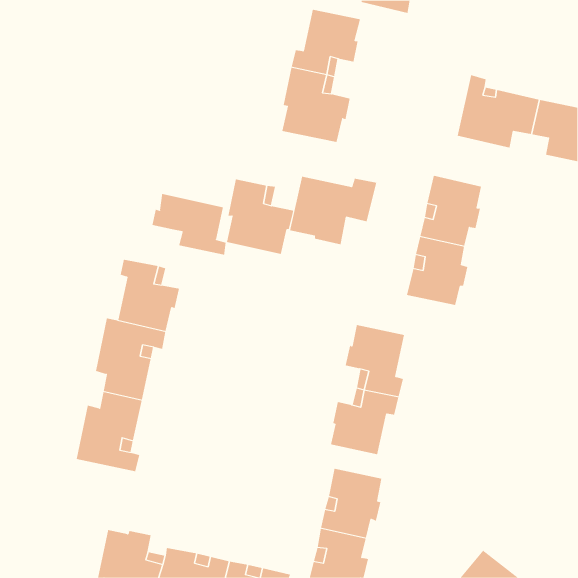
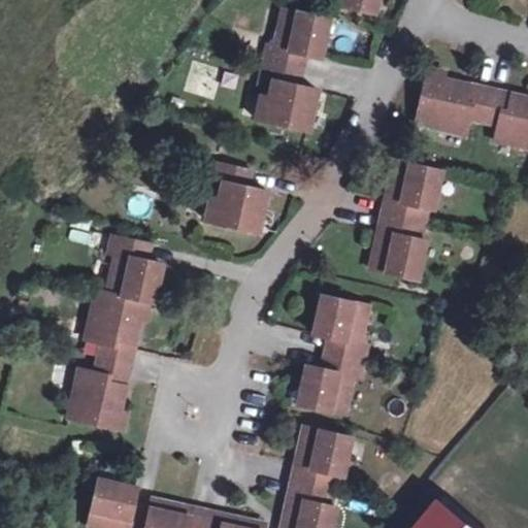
building: [290,176,377,245] -> none
building: [152,193,226,256] -> none

